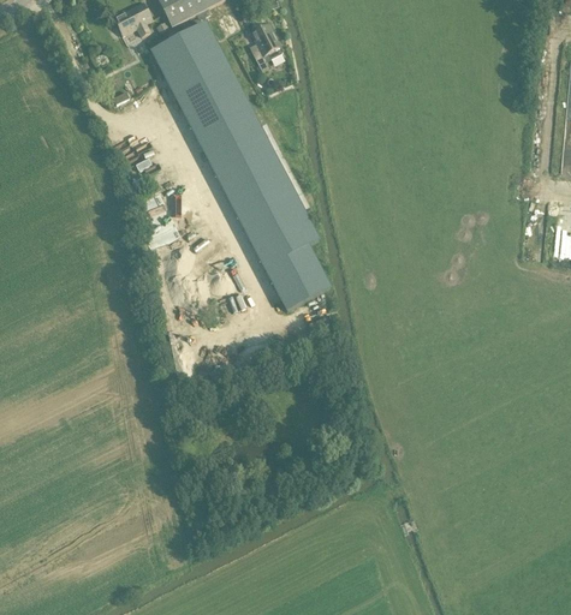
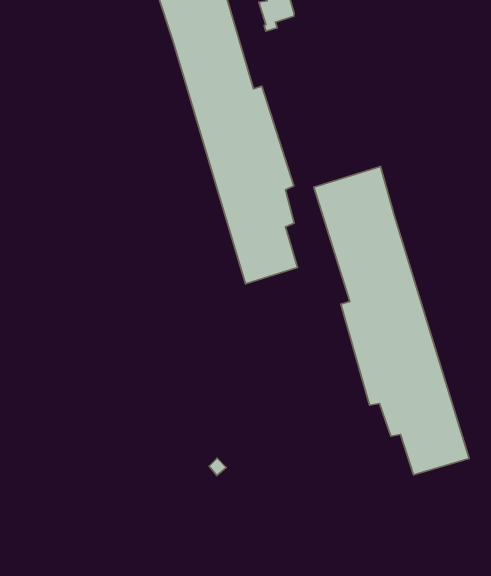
building: none -> [314,166,469,475]

